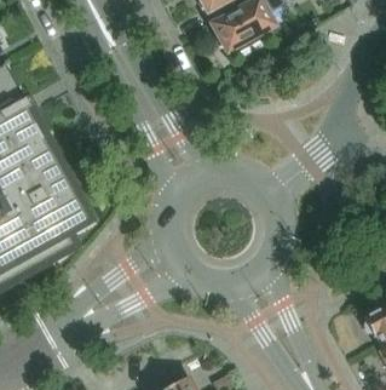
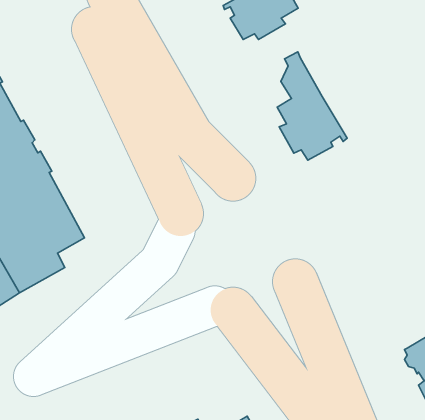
building: none -> [277,52,347,160]

